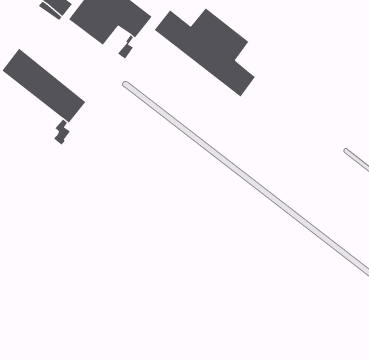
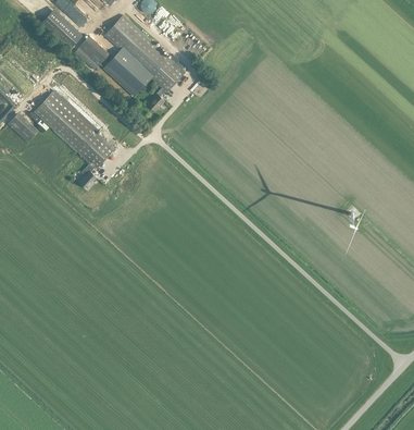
building: [154,7,256,97] -> none

